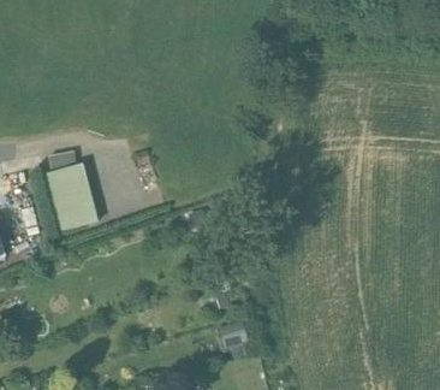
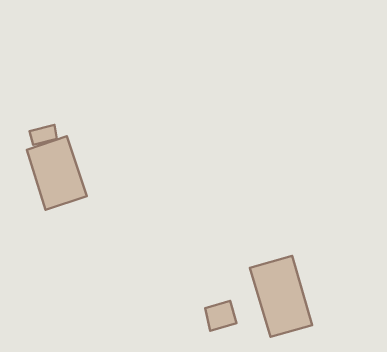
building: none -> [250,256,312,337]

